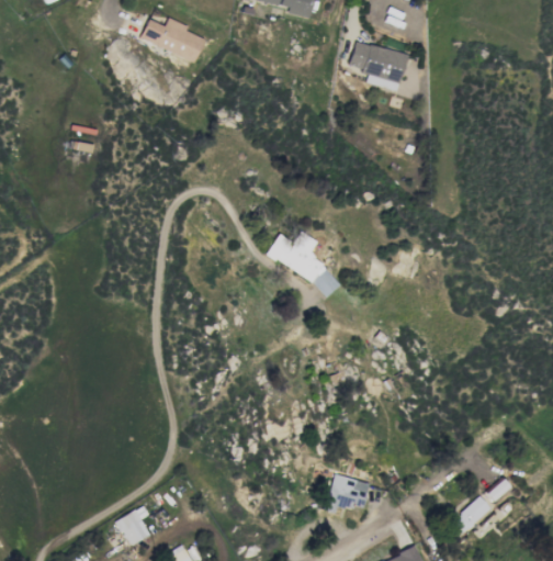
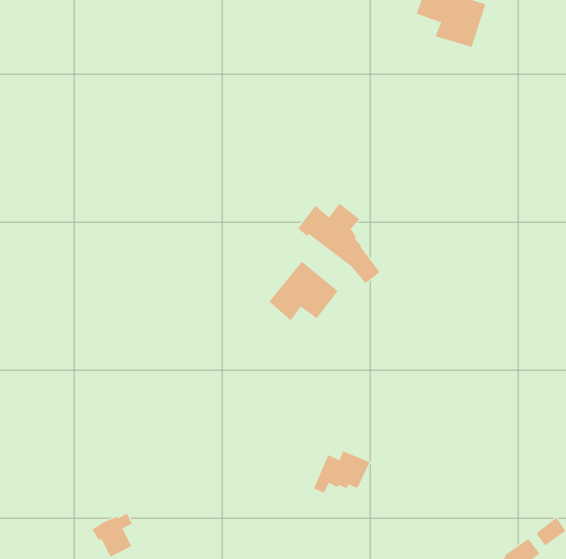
building: none -> [268,261,339,321]
building: [325,476,371,514] -> [313,450,371,494]

